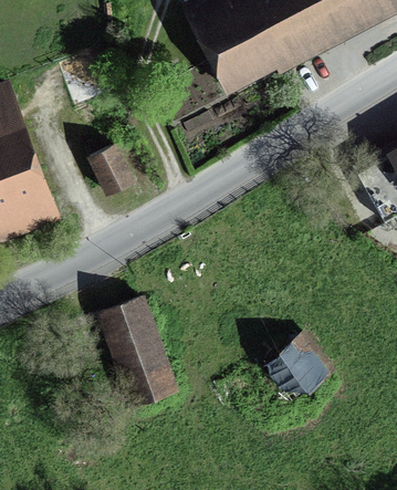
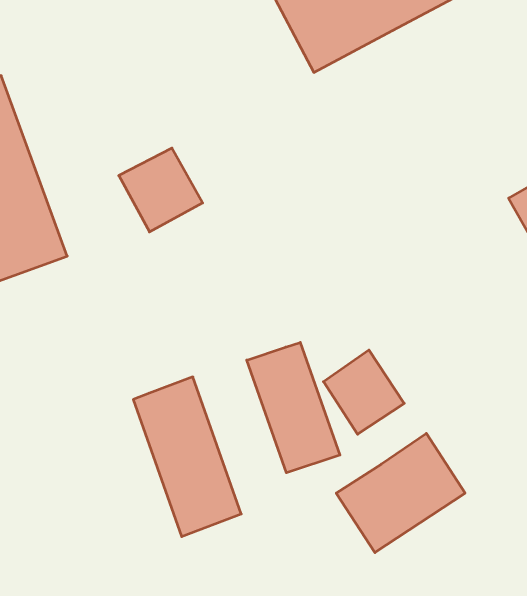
building: none -> [247,342,340,473]
building: none -> [323,350,404,434]

